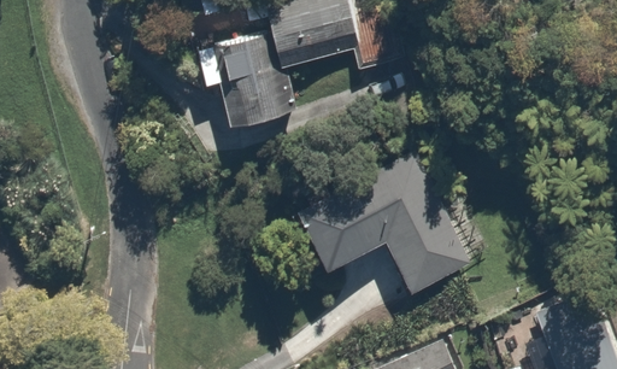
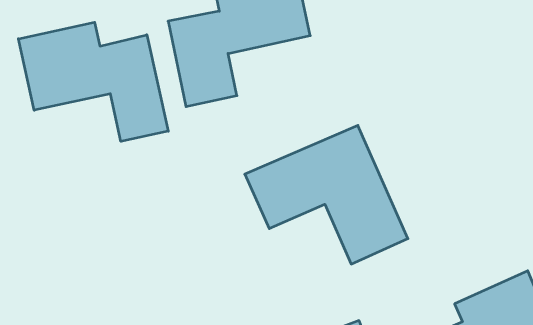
building: none -> [18,22,168,141]

